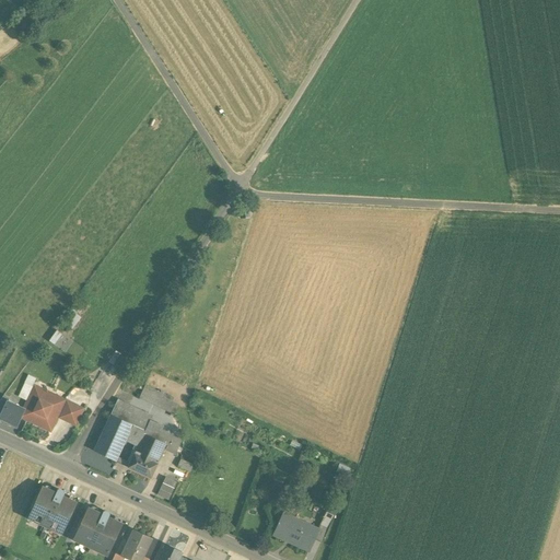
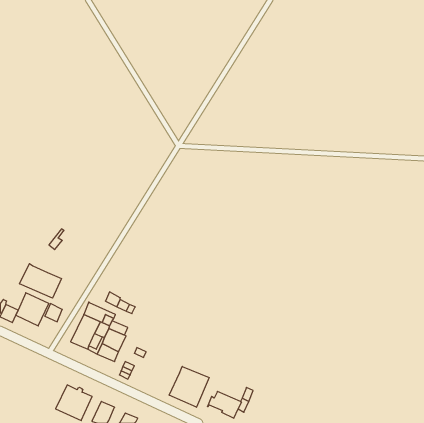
building: none -> [20,264,62,298]
building: none -> [169,366,209,407]
building: [28,486,75,534] -> none

